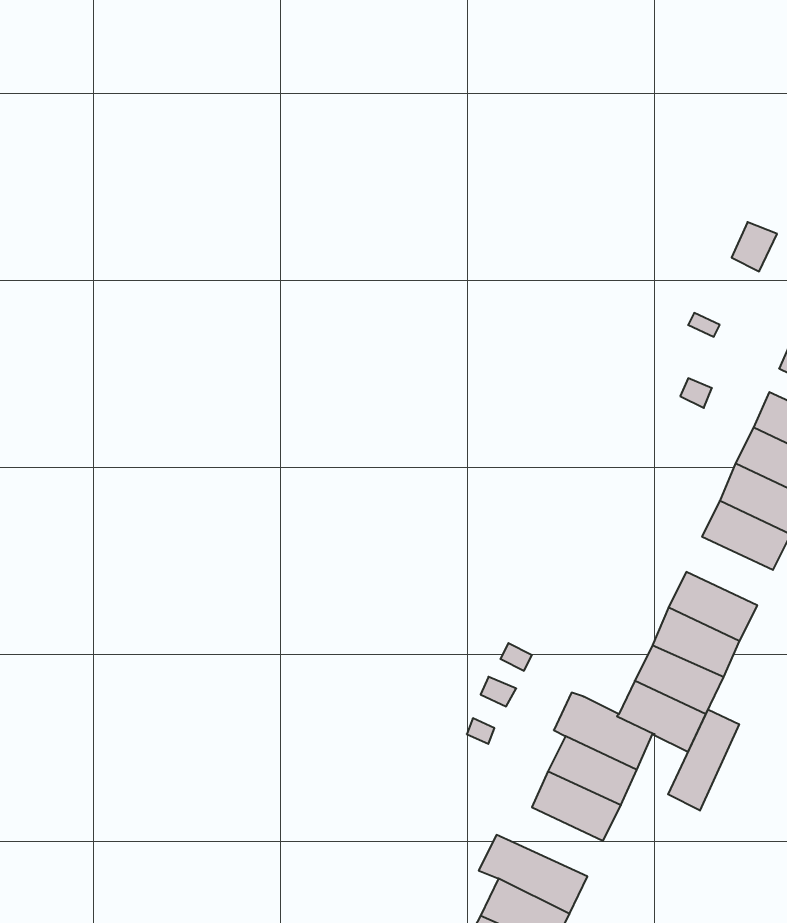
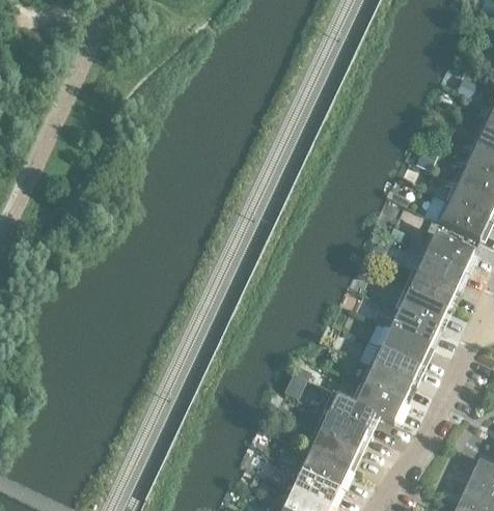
building: none -> [392,307,438,343]
building: [668,710,739,811] -> none
building: none -> [302,449,349,485]

